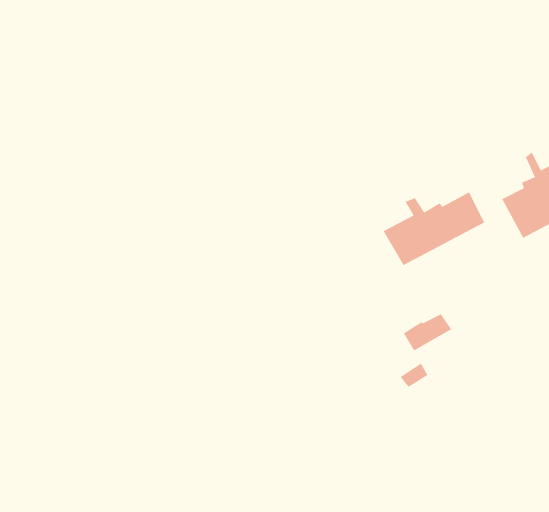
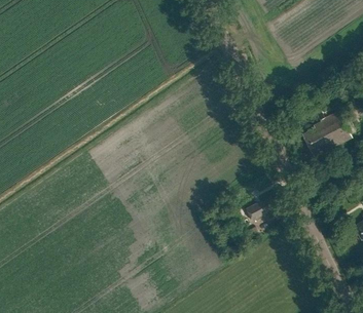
building: [383,191,485,266] -> none

